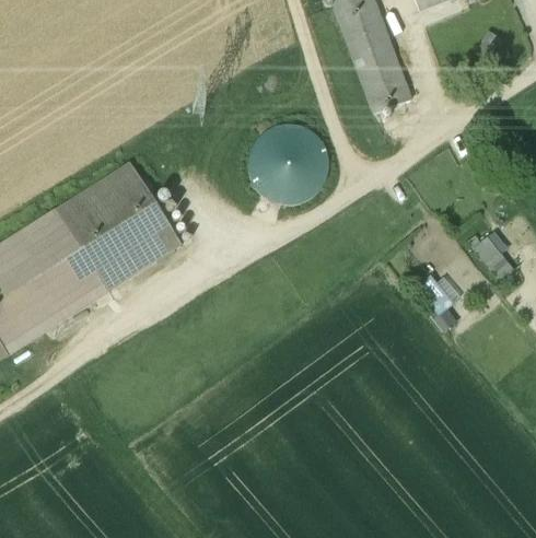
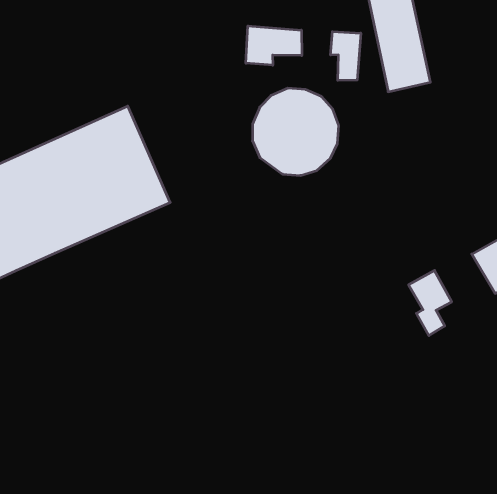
building: none -> [331,32,361,80]
building: none -> [246,26,302,65]

